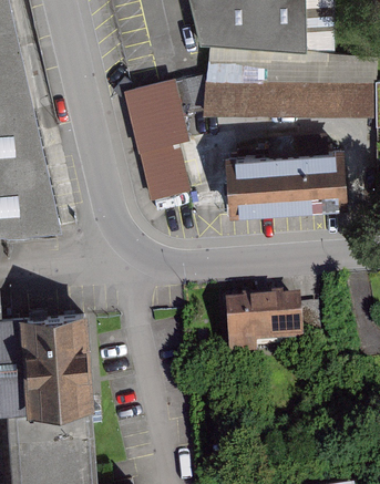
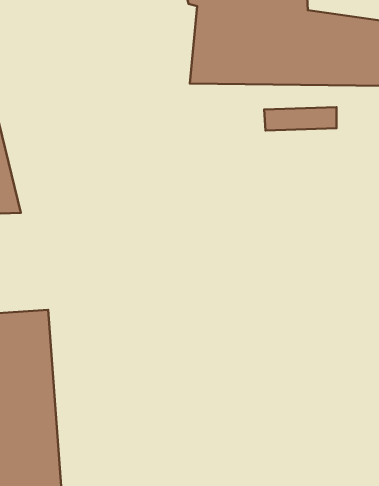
building: [129,83,191,192] -> none
building: [228,155,340,210] -> none
building: [224,294,301,358] -> none

